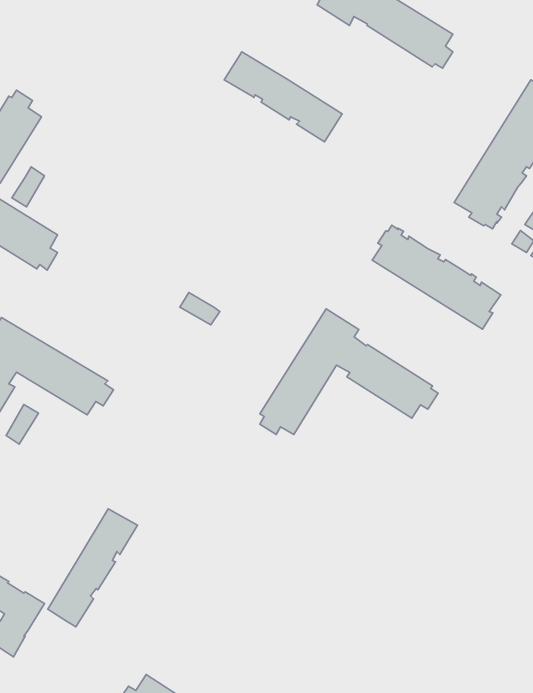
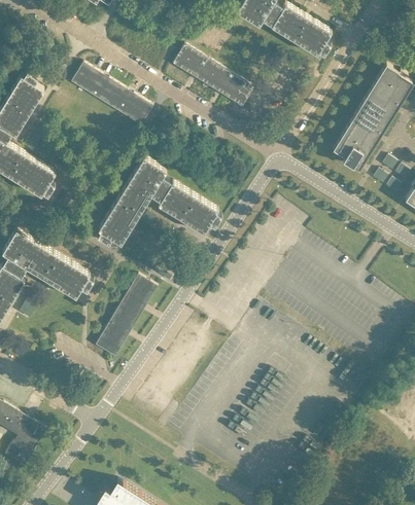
building: none -> [70,64,152,127]
building: [372,225,501,329] -> none
building: [260,309,438,434] -> [97,157,221,245]
building: [48,509,138,627] -> [95,276,158,358]

